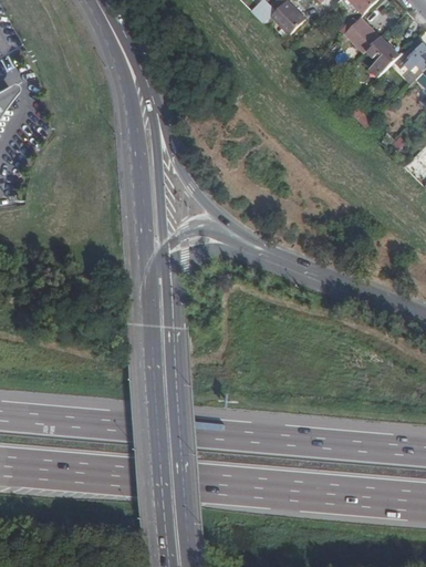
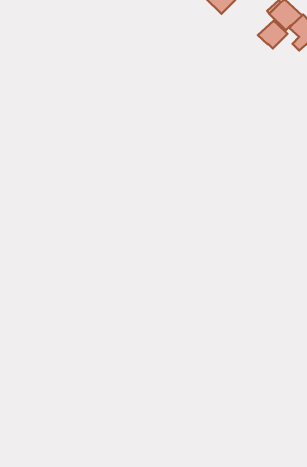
building: none -> [258,21,287,48]

